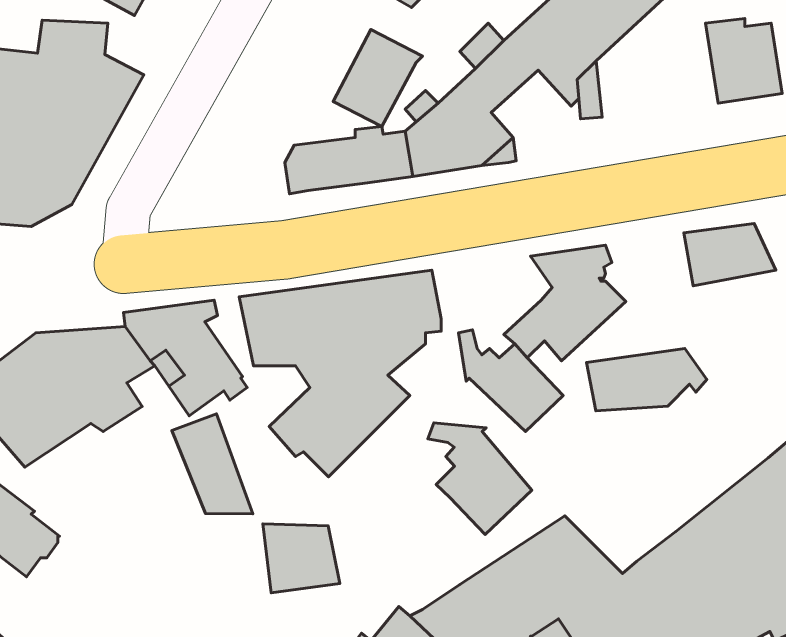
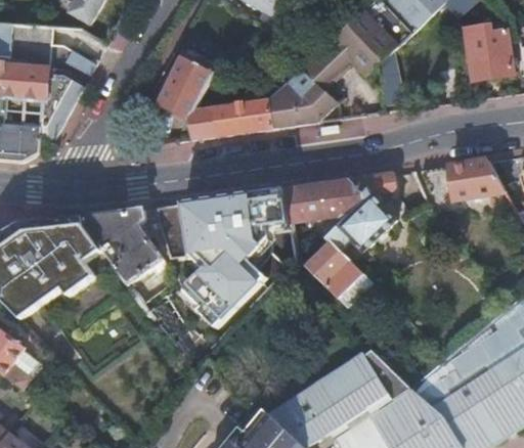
building: [333,30,422,126] -> [155,55,213,119]
building: [586,348,707,411] -> [282,180,361,221]
building: [172,414,253,514] -> none
building: [428,423,532,534] -> none
building: [263,524,340,593] -> none

